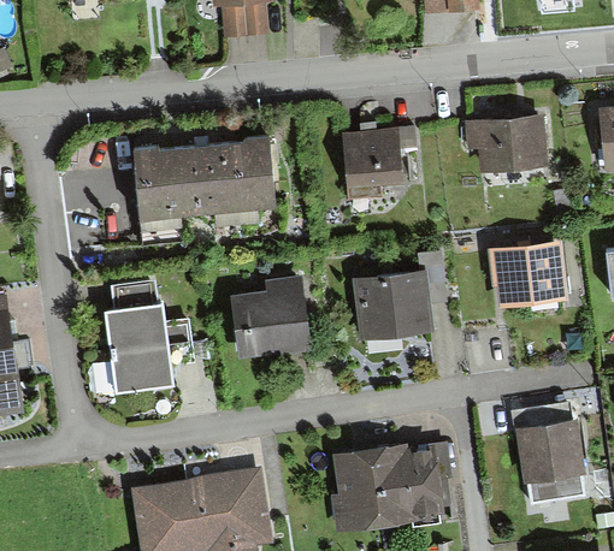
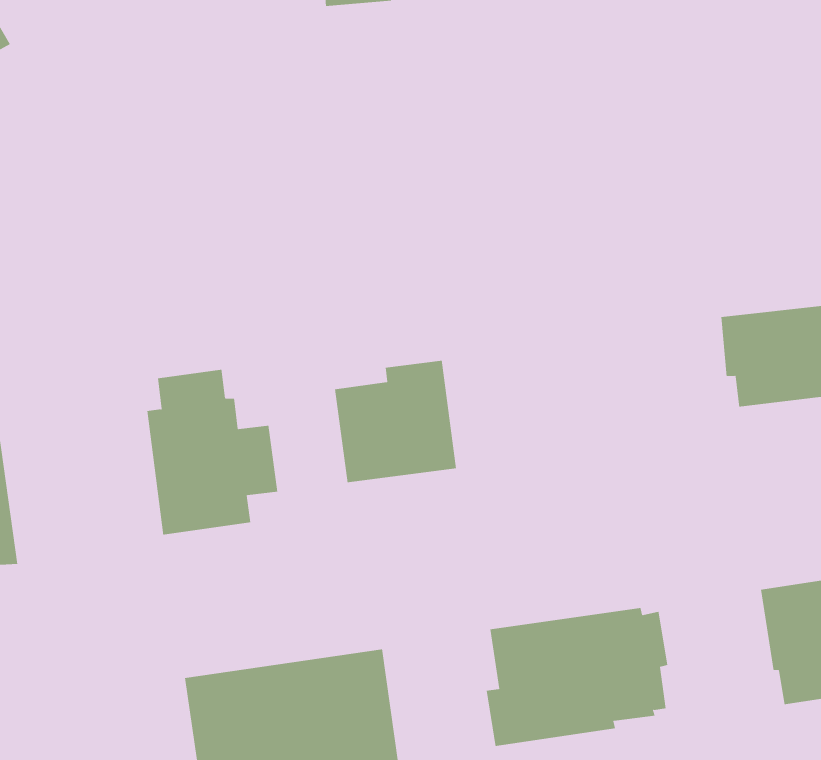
building: [465,114,548,172] -> none
building: [342,126,417,202] -> none
building: [134,134,274,215] -> none
building: [352,251,448,340] -> none

